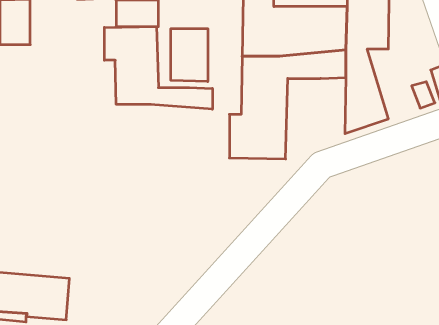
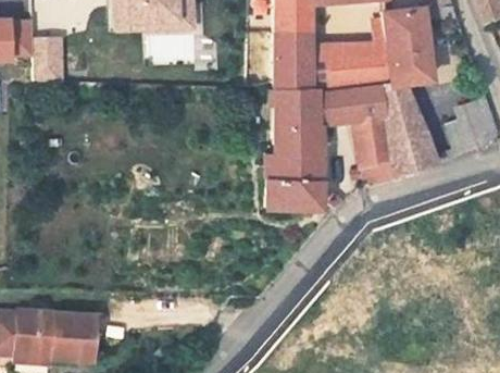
building: [104,27,212,109] -> none
building: [171,29,208,82] -> none
building: none -> [357,115,385,183]

